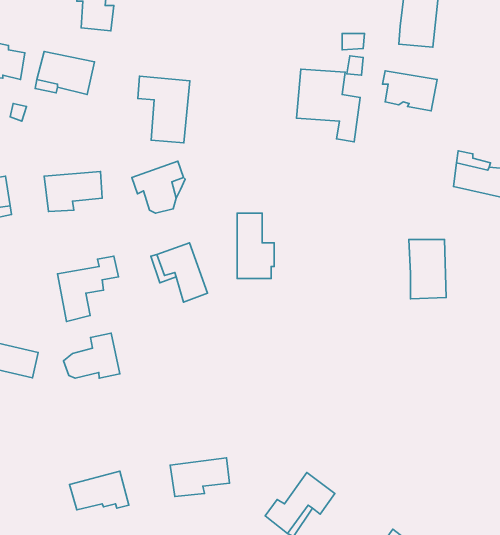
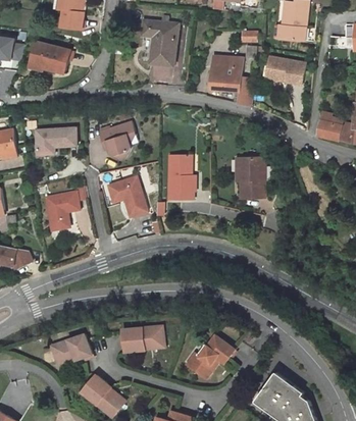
building: [138,76,190,143] -> [141,20,176,66]
building: [409,239,446,299] -> [239,158,264,199]
building: [63,333,120,378] -> none

